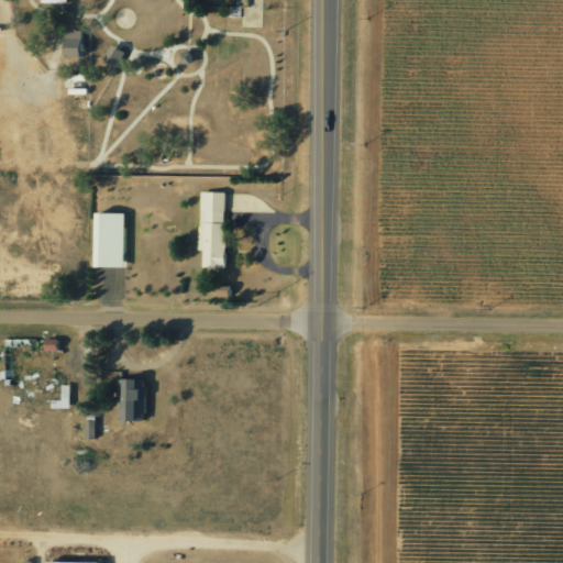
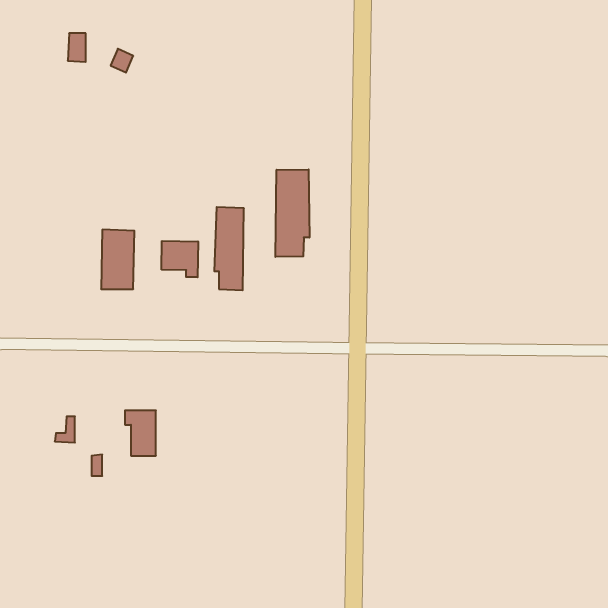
building: none -> [275,169,309,257]
building: none -> [162,241,198,277]

